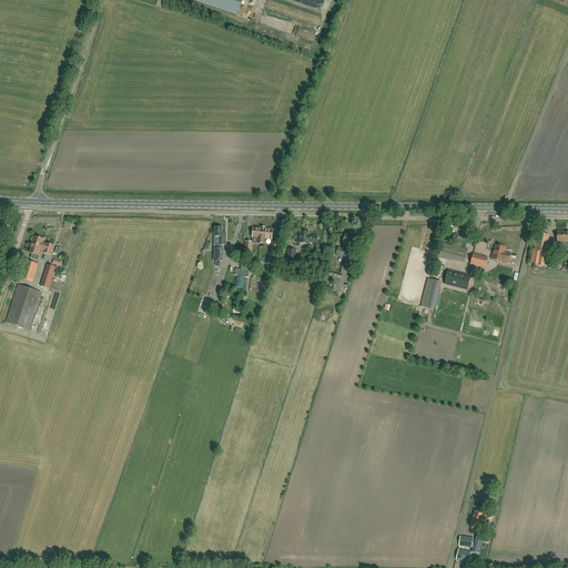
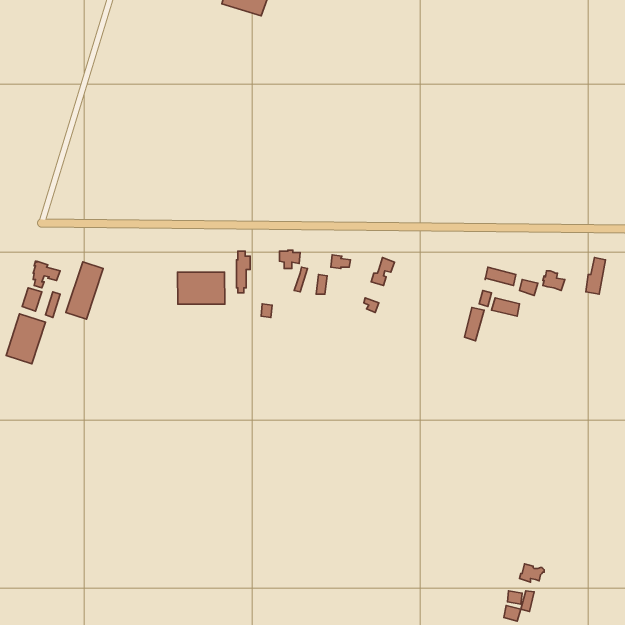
building: none -> [66,262,103,319]
building: none -> [178,272,225,304]

